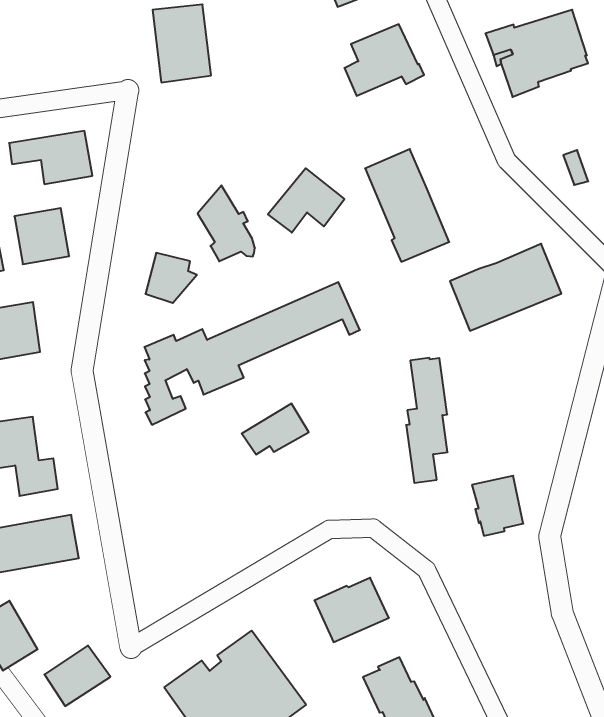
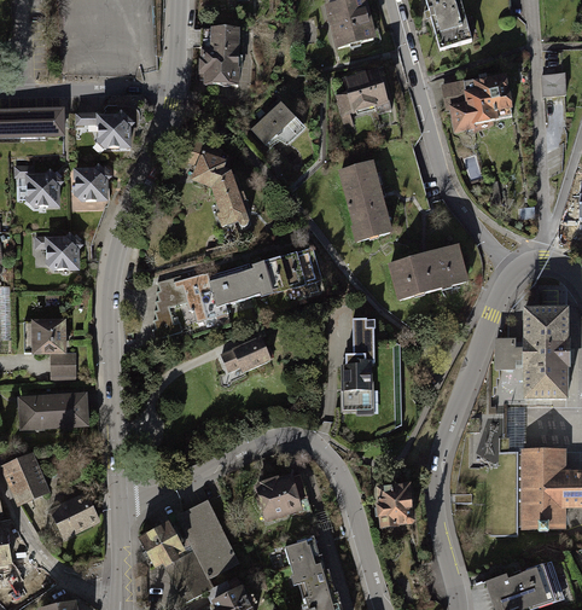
building: [268,168,344,233] -> [244,103,302,149]
building: [145,253,197,303] -> [191,147,231,186]
building: [472,476,523,536] -> [377,483,411,524]

